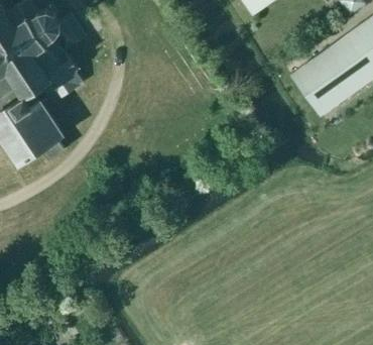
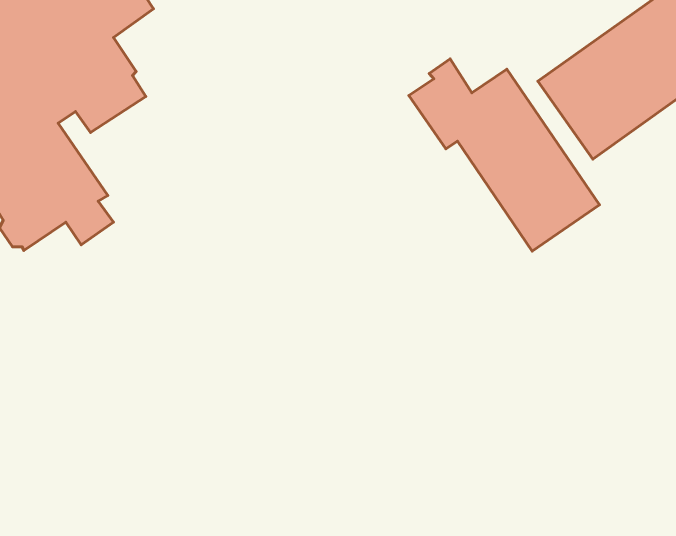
building: none -> [409,59,599,251]

